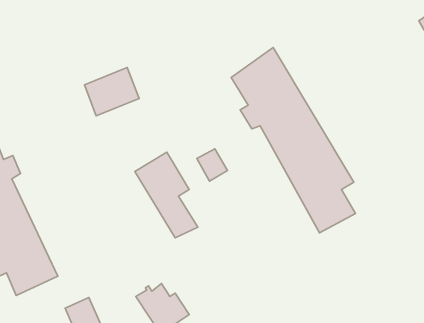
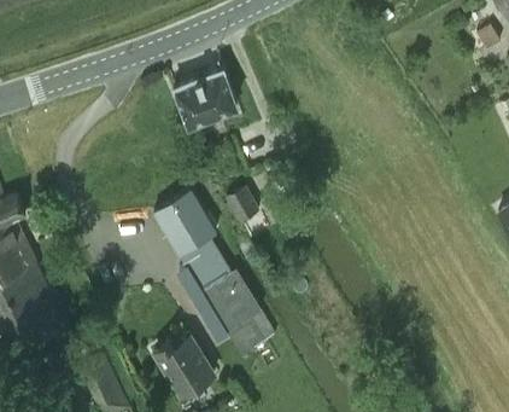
building: [231,48,356,233] -> none
building: [85,68,139,116] -> [175,68,236,122]
building: none -> [200,271,275,356]

